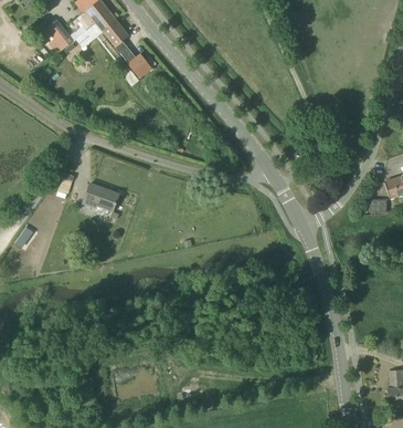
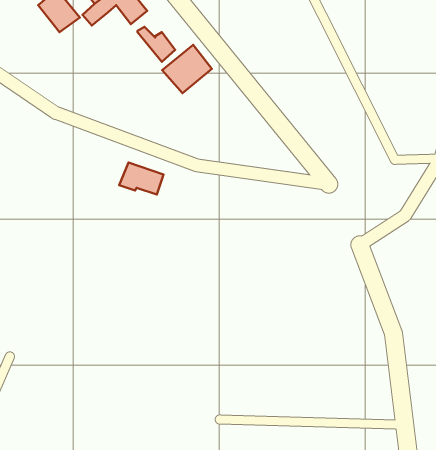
building: none -> [162,45,212,93]
building: [82,184,118,210] -> [119,162,163,195]

